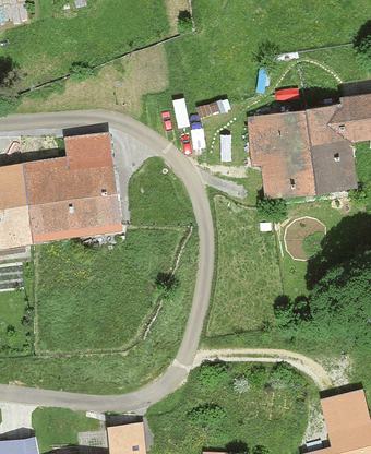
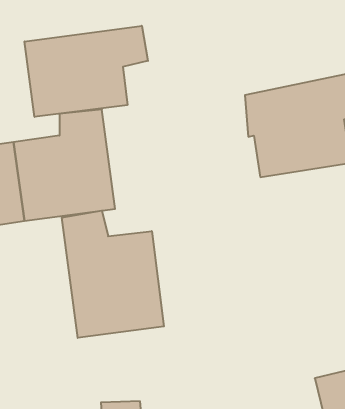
building: none -> [25,26,148,117]
building: none -> [62,211,164,338]

